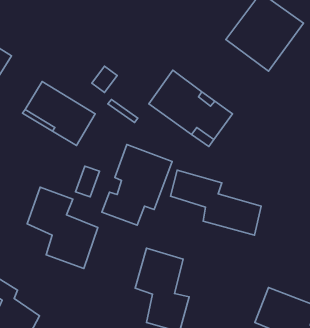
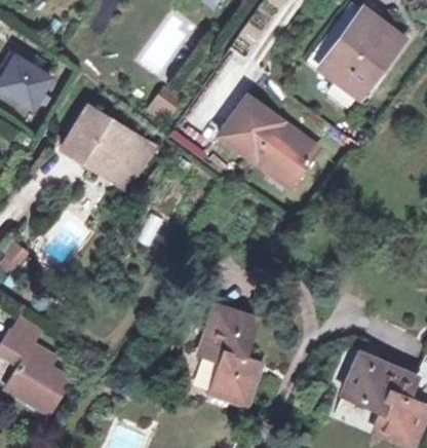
building: [102,145,172,225] -> none
building: [170,170,261,235] -> none
building: [27,187,98,269] -> none

